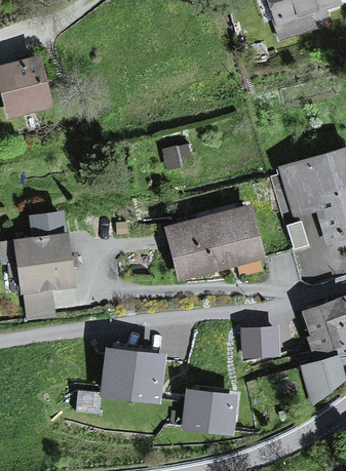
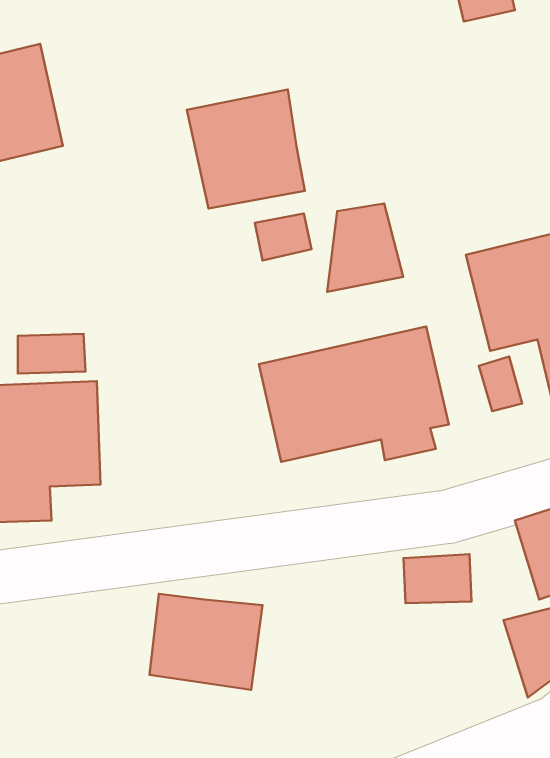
building: none -> [187,90,305,209]
building: none -> [327,204,403,292]
building: [184,393,235,435] -> none

